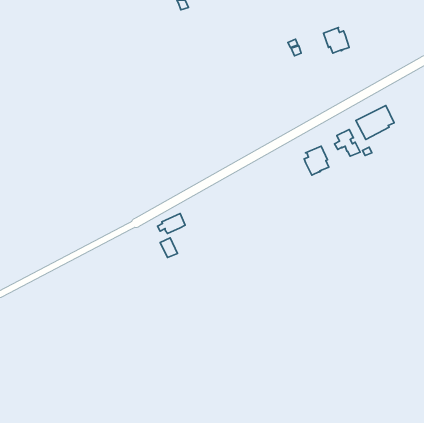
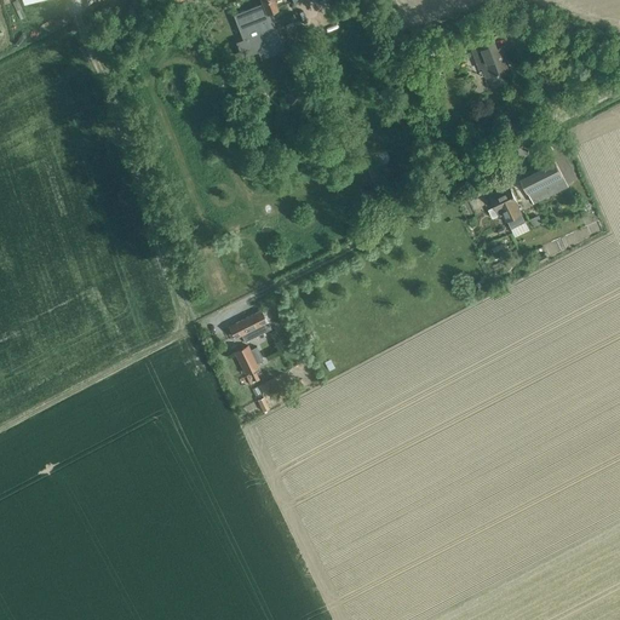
building: none -> [232,7,279,57]
building: [304,146,329,175] -> none

